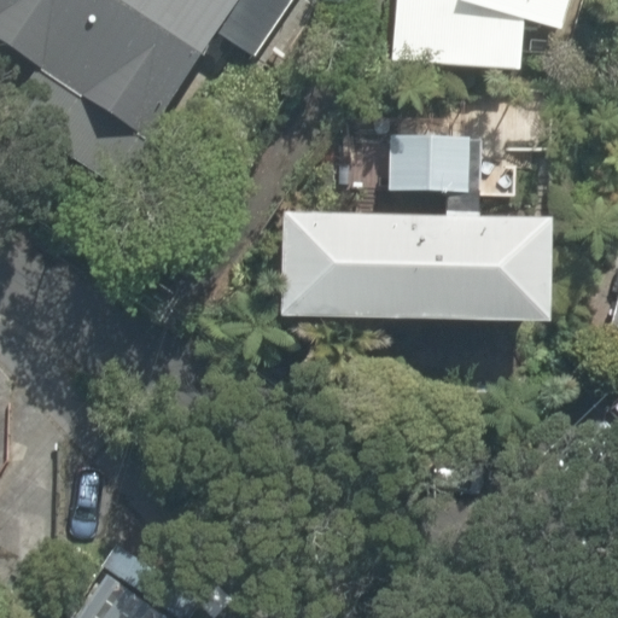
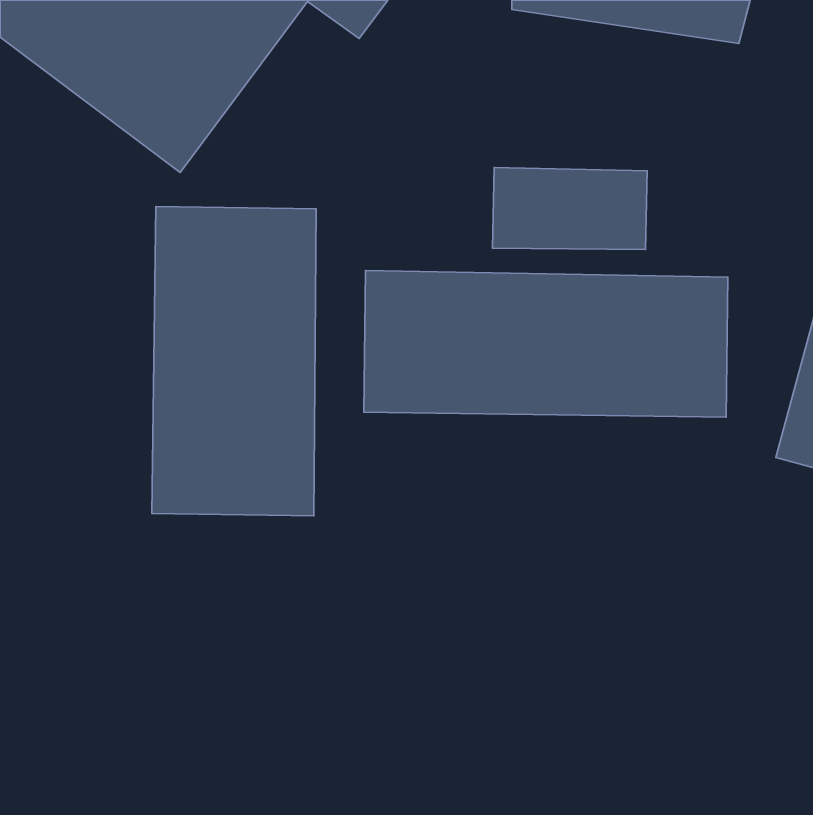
building: none -> [152,207,316,516]

